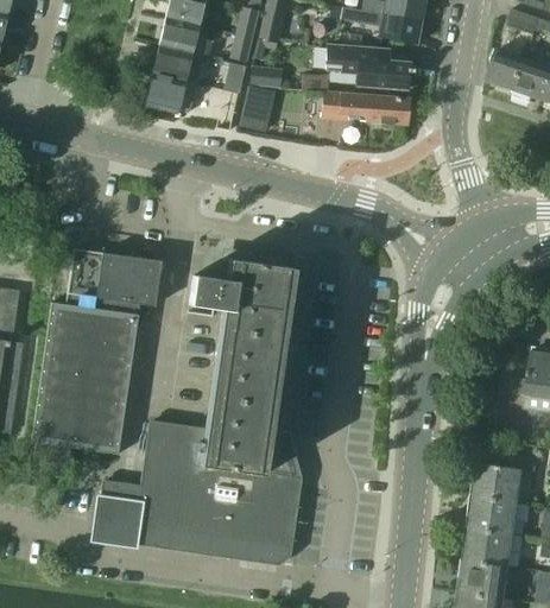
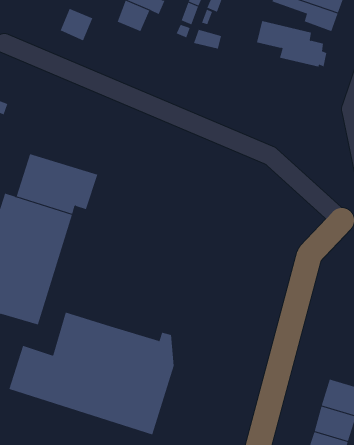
building: [147,72,185,109] -> [60,8,93,41]
building: [240,86,276,131] -> none
building: [323,90,410,124] -> none
building: [189,259,293,449] -> none

